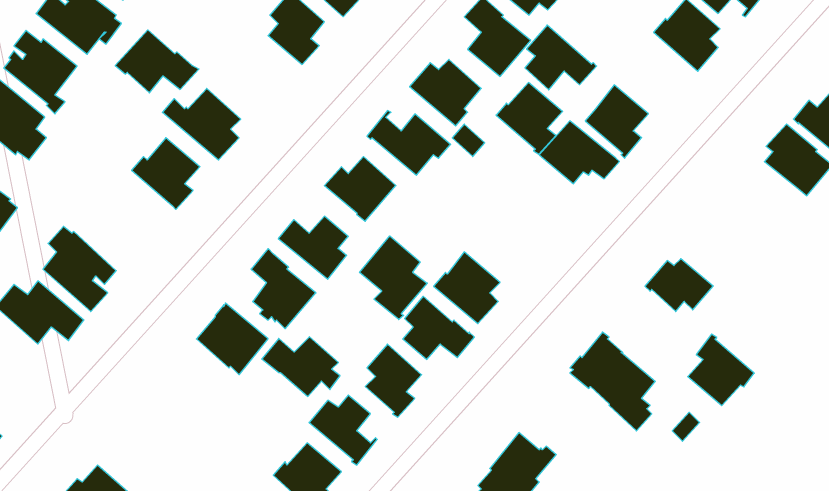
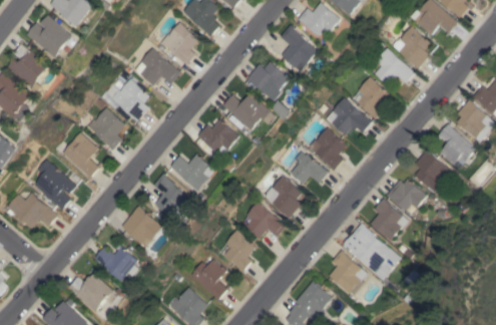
building: [525,25,597,90] -> [374,48,416,86]
building: [115,30,199,93] -> [132,49,181,86]
building: [496,83,563,154] -> [308,128,347,171]
building: none -> [439,124,477,166]
building: none -> [61,133,102,179]
building: none -> [415,150,454,193]
building: none -> [290,153,328,184]
building: [360,236,427,320] -> none
building: [688,334,754,406] -> [370,199,409,241]
building: [262,337,340,396] -> [96,246,142,281]
building: none -> [328,251,367,294]
building: none -> [71,274,115,312]

